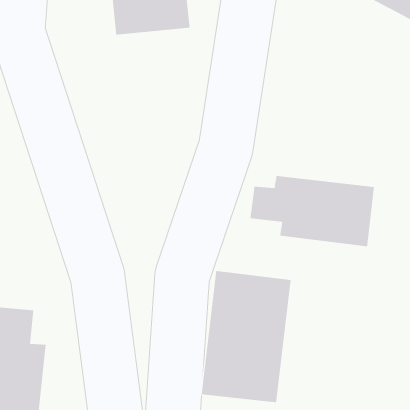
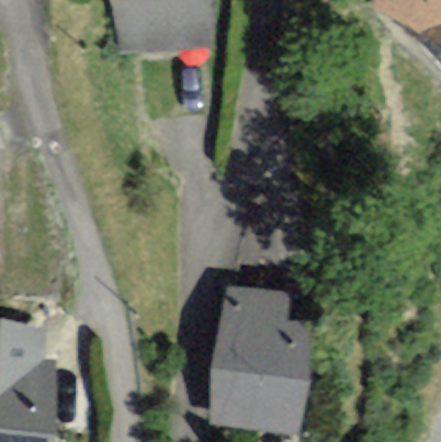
building: [250,175,375,247] -> none

